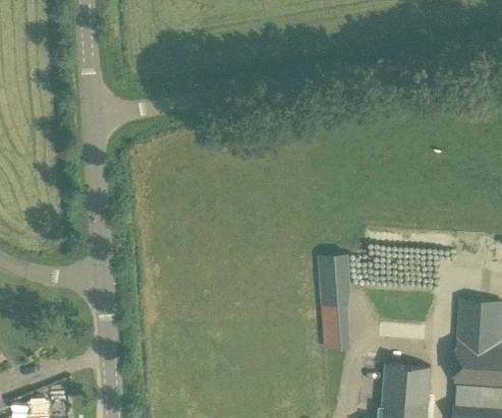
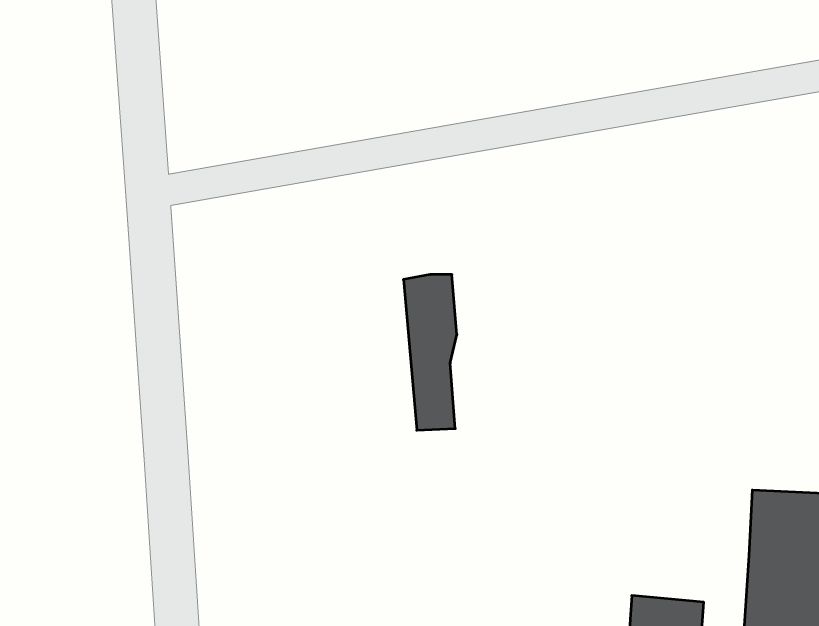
building: [318,253,350,348] -> [403,275,457,430]

